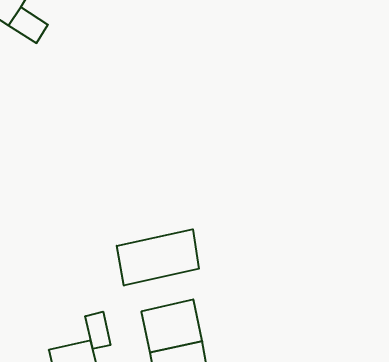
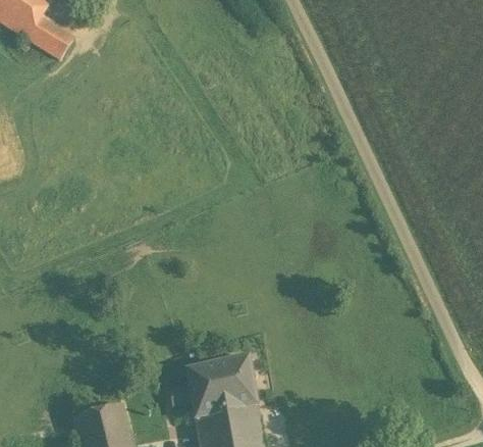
building: [117,229,199,286] -> none
building: [85,312,110,349] -> none

